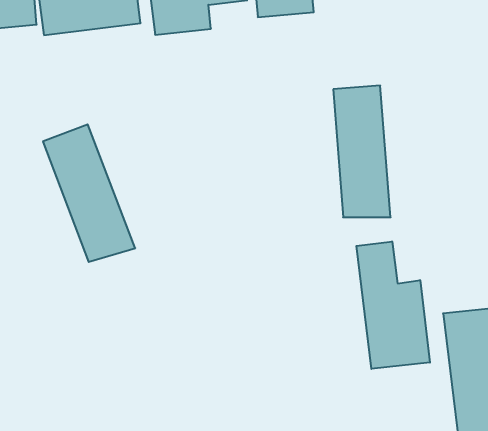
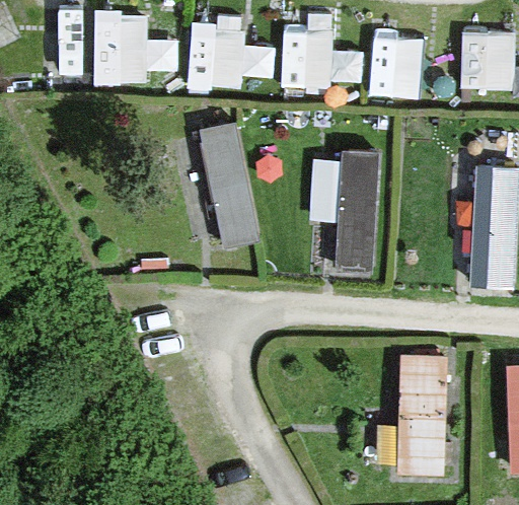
building: [43,124,135,262] -> [197,142,264,263]
building: [356,241,430,369] -> none

